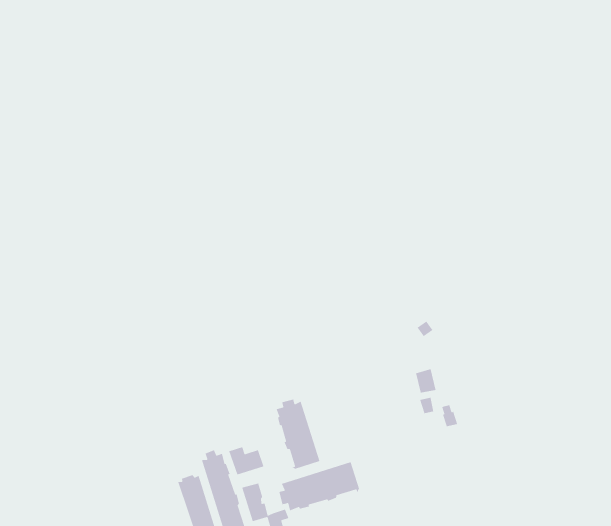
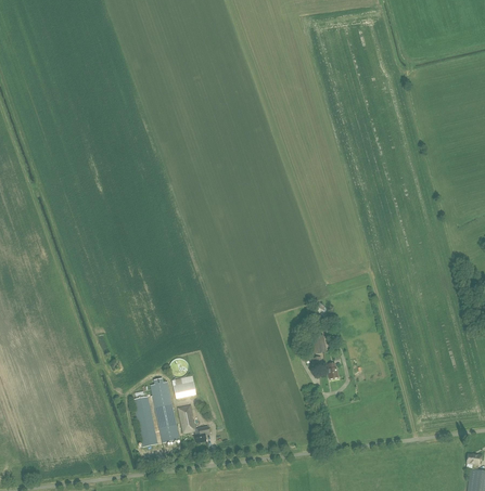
building: [275,399,321,470] -> none
building: [278,461,360,511] -> none

